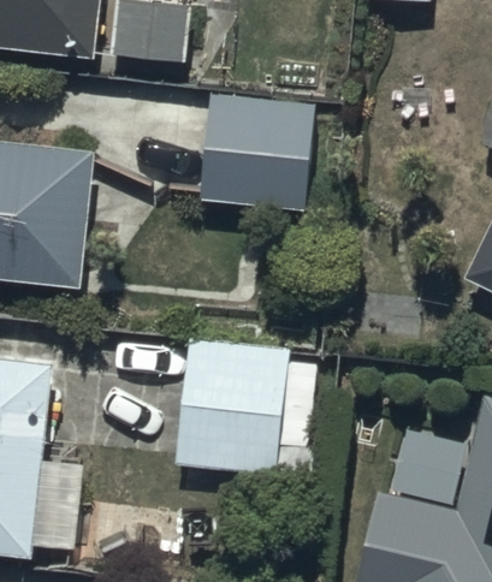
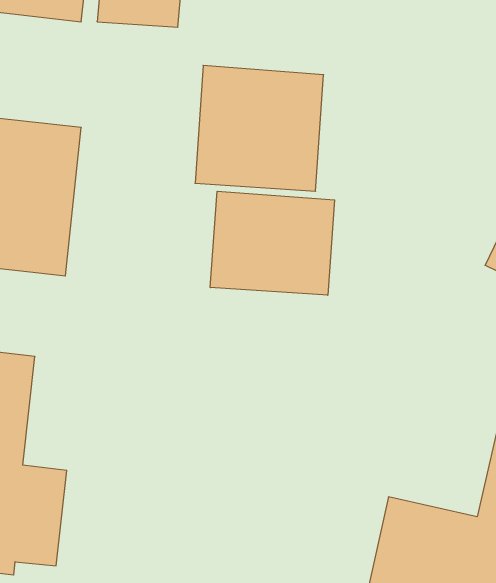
building: none -> [210,191,335,295]
building: [178,338,290,479] -> none

